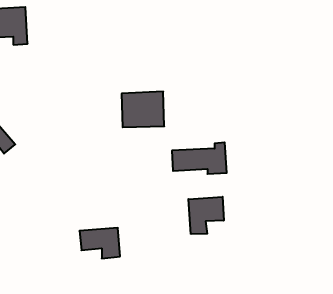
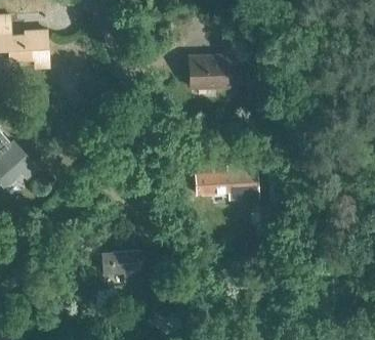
building: [122,92,164,127] -> [186,53,230,89]
building: [188,197,224,234] -> none

